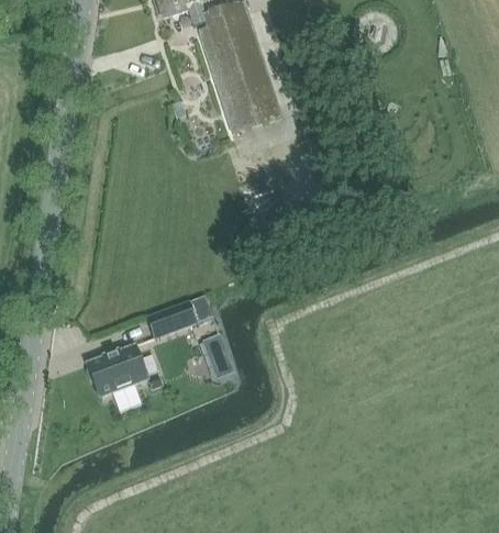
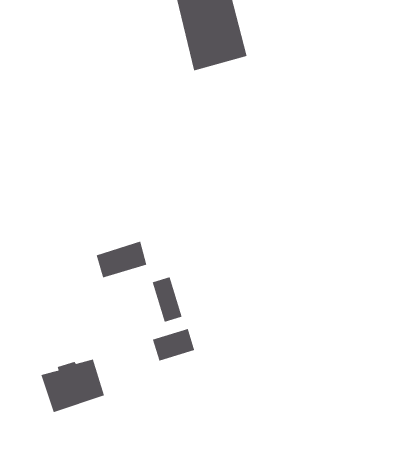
building: [86,342,149,397] -> [41,359,105,413]
building: none -> [152,328,195,362]

